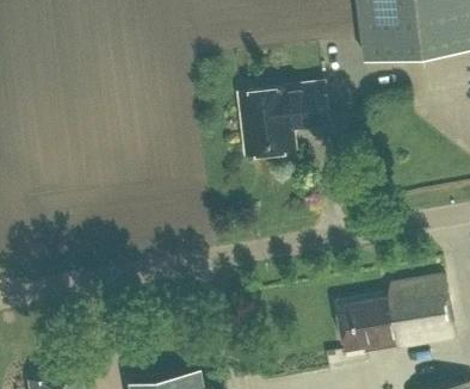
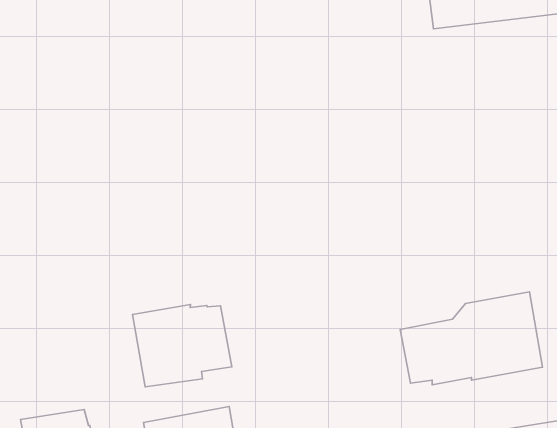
building: [241,84,330,155] -> none
building: none -> [132,305,232,387]

